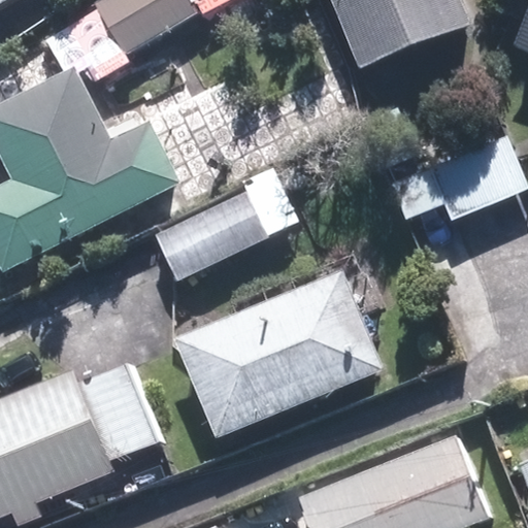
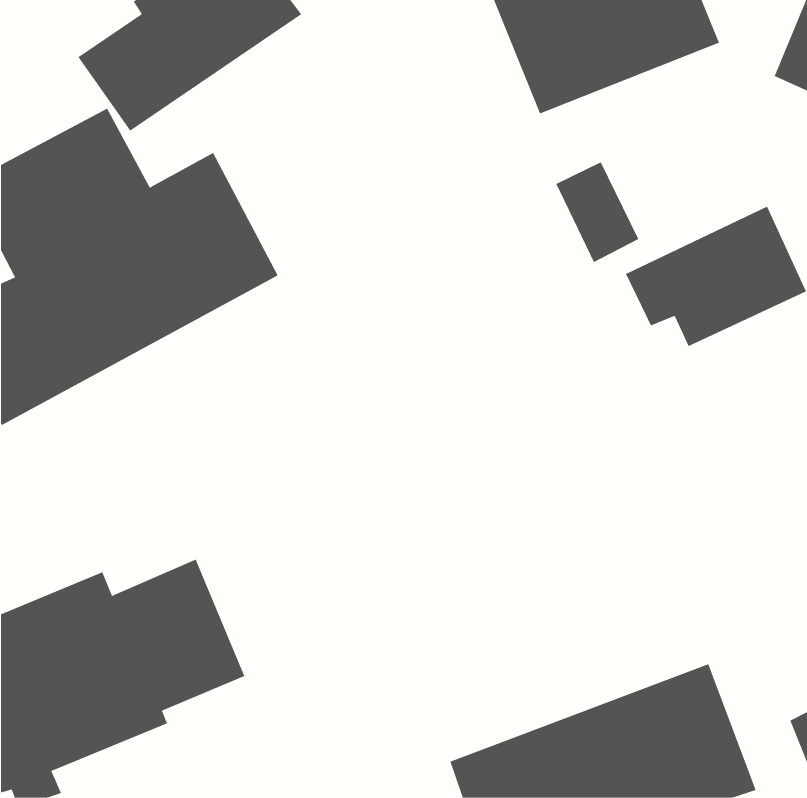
building: [150,170,294,284] -> none
building: [172,268,383,439] -> none

